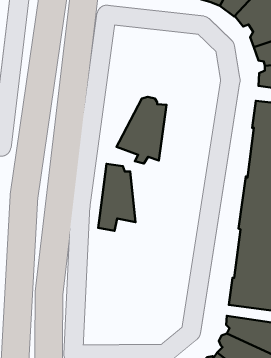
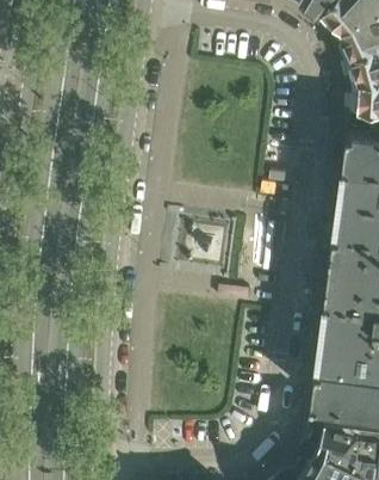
building: [117,97,166,164] -> none
building: [98,164,136,231] -> none

